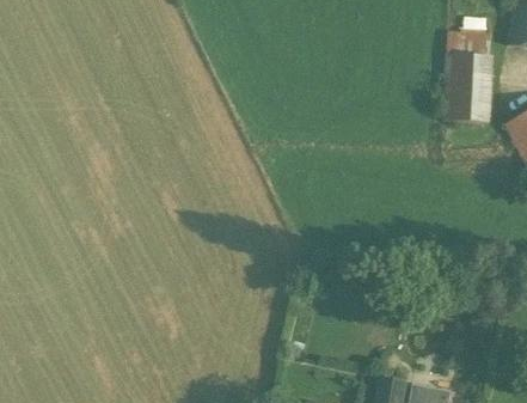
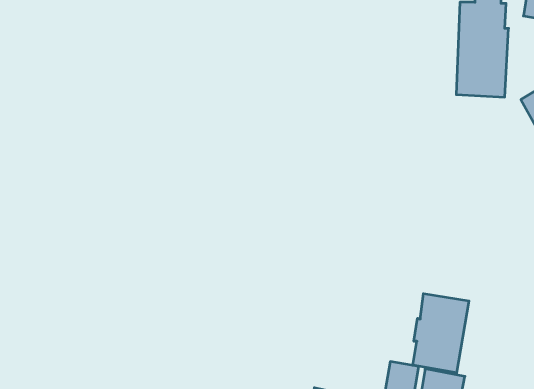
building: none -> [413,294,469,373]

